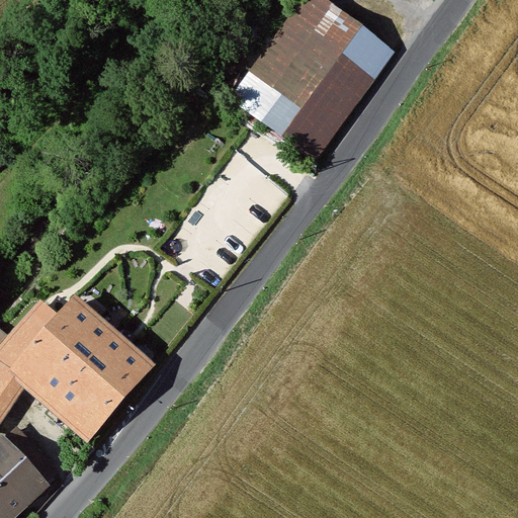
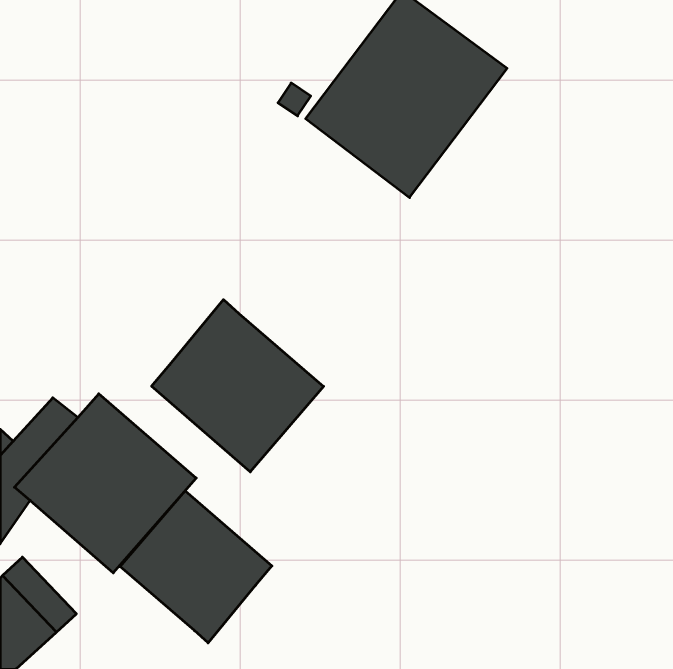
building: none -> [152,300,324,472]
building: none -> [120,491,272,643]

